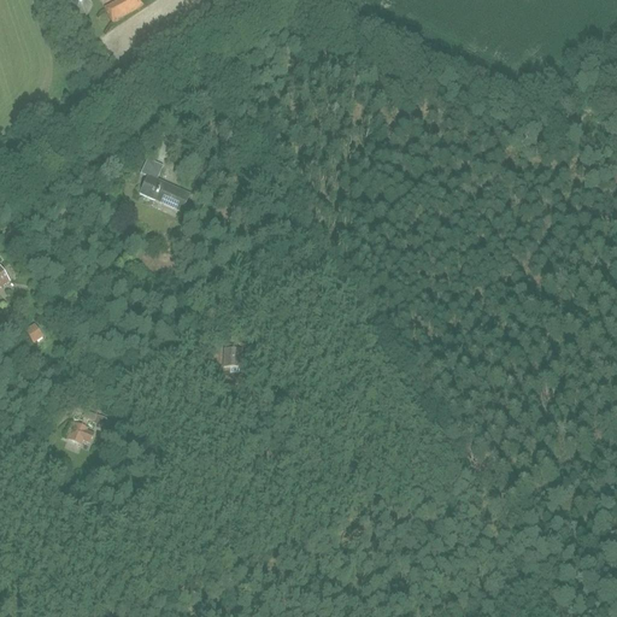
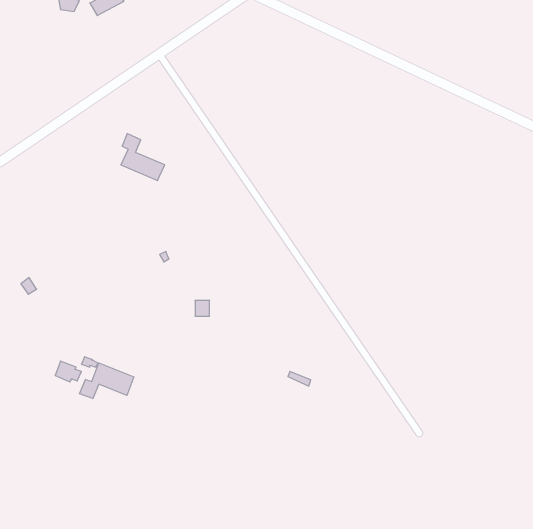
building: none -> [80,363,134,399]

